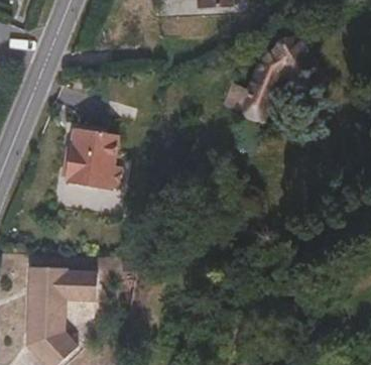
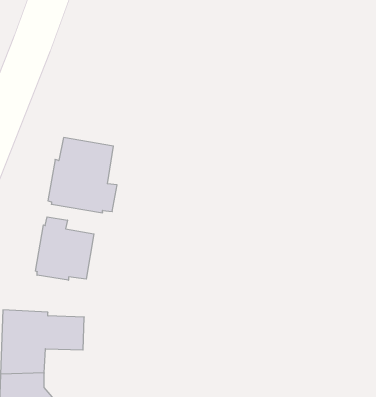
building: [231,36,328,118] -> none
building: none -> [35,217,94,280]

